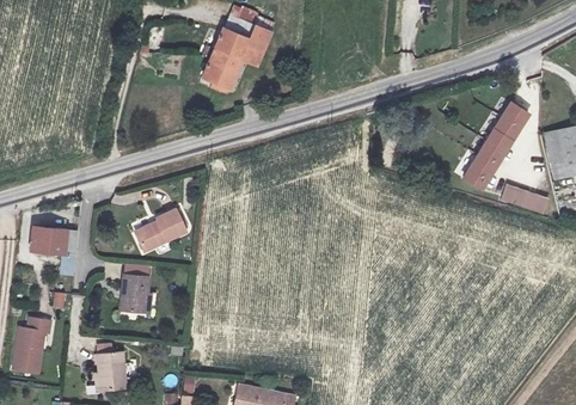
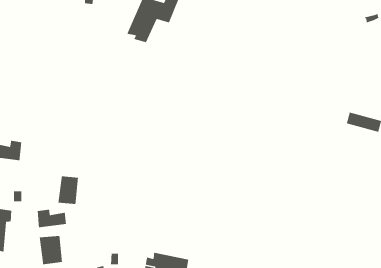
building: [465,103,522,185] -> none
building: [124,204,177,251] -> none
building: none -> [37,209,67,228]

